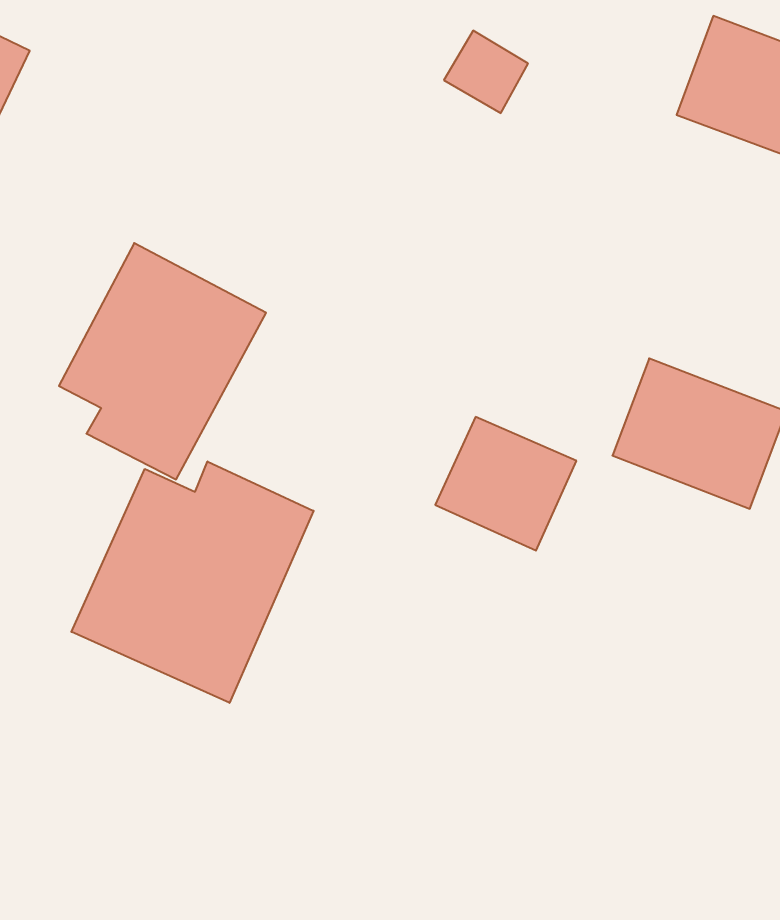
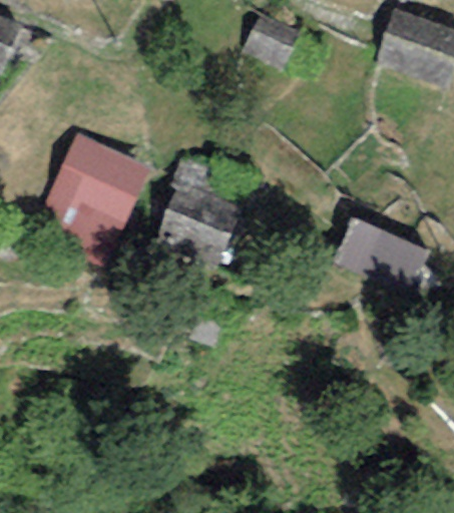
building: [435,417,576,551] -> [157,184,235,258]
building: [71,461,314,703] -> none

